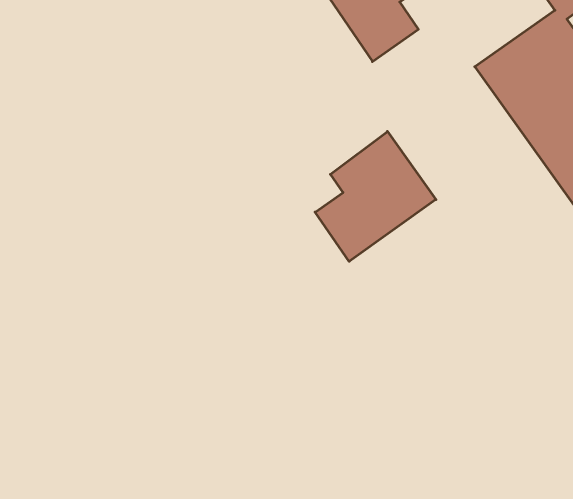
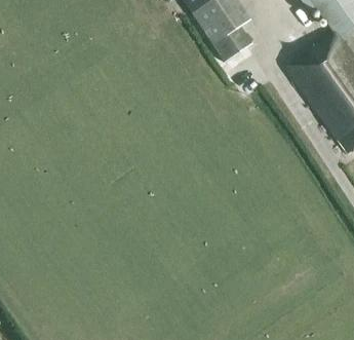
building: [315,131,436,261] -> none

